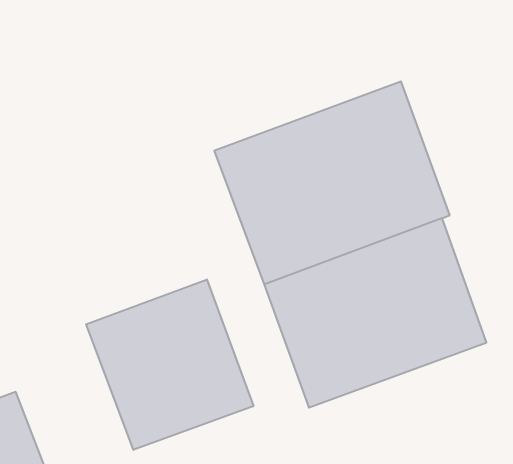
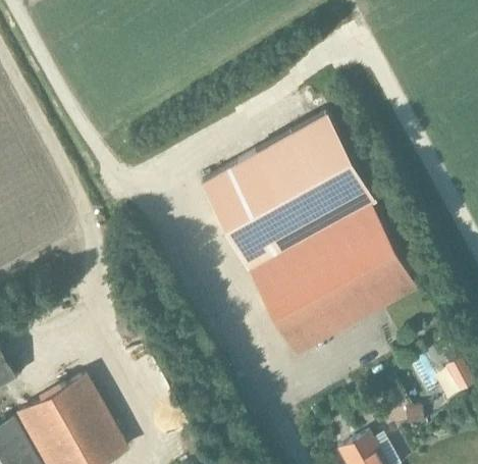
building: [86,279,253,450] -> none

